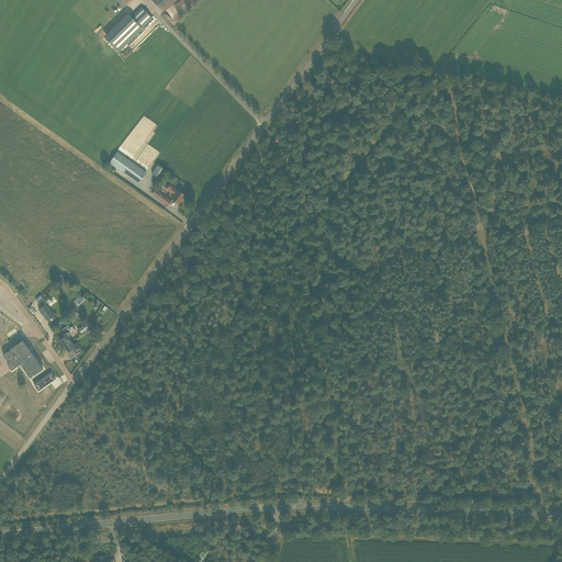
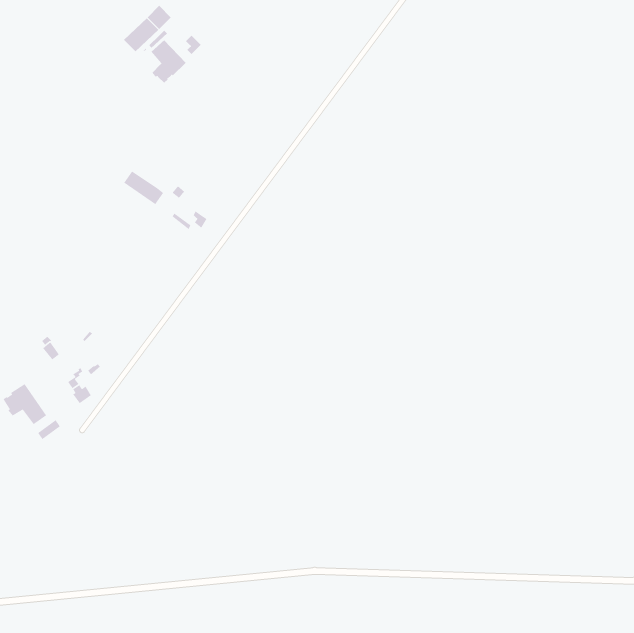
building: none -> [151,39,187,83]

